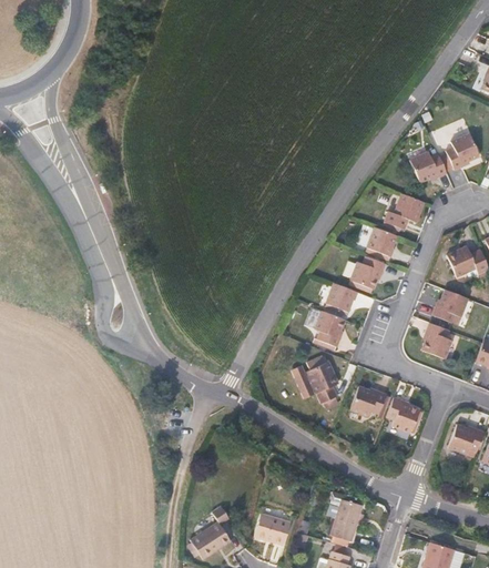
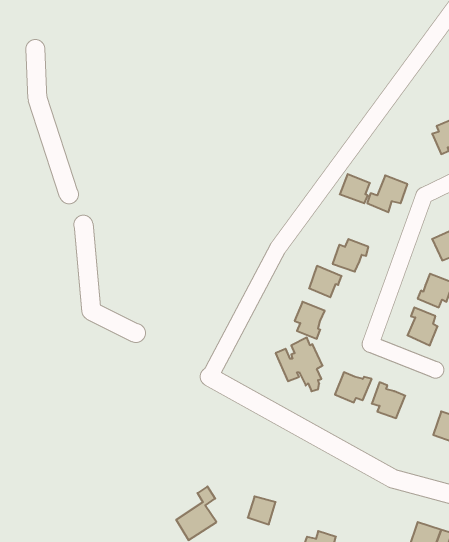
building: [410,153,447,182] -> none
building: [366,226,396,255] -> [340,174,370,203]
building: [334,493,365,534] -> none

